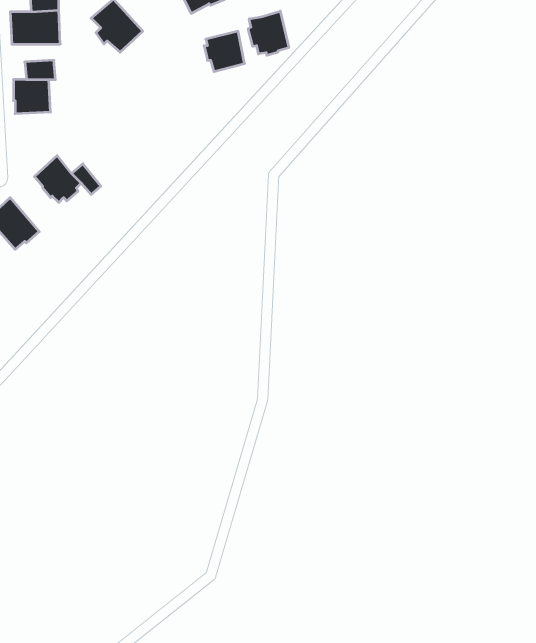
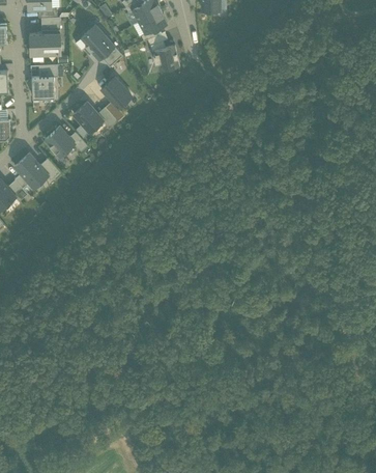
building: [248,11,289,55] -> none
building: none -> [100,77,129,108]
building: none -> [71,100,104,132]

